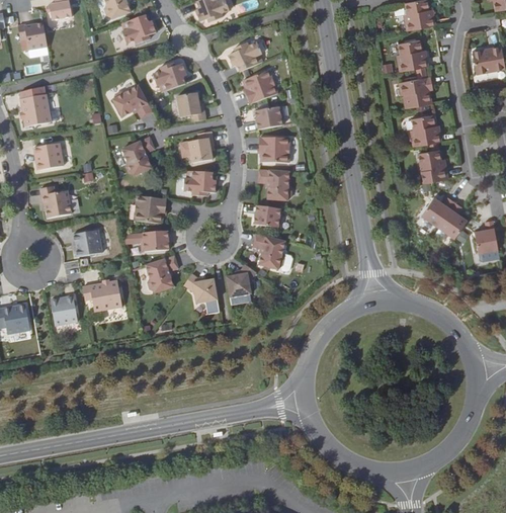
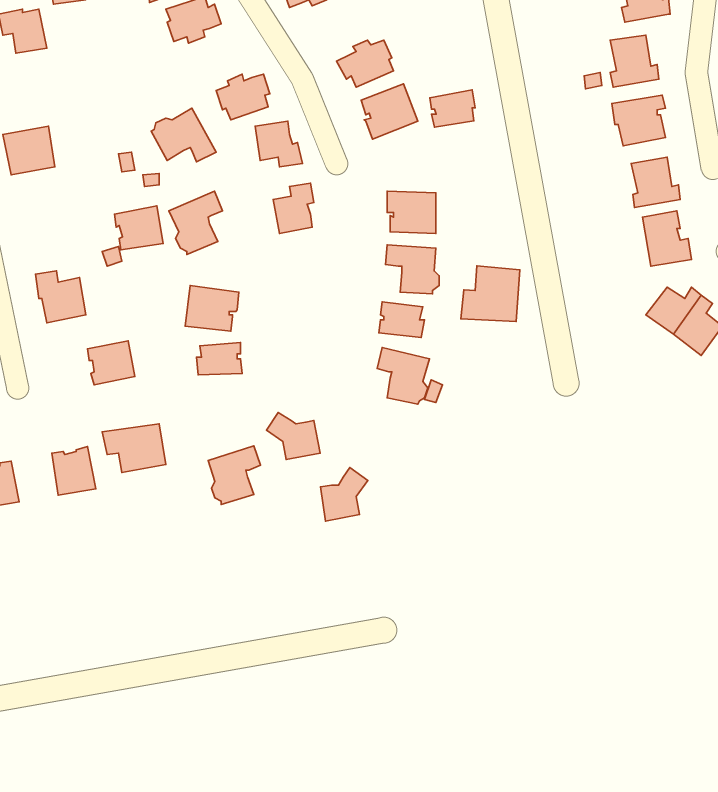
building: [255,105,283,129] -> [430,90,475,127]
building: [33,142,64,169] -> [114,206,163,250]
building: [183,170,216,195] -> none
building: none -> [461,266,520,321]
building: [146,255,178,291] -> [208,446,260,504]
building: [227,263,256,296] -> [321,467,368,521]

